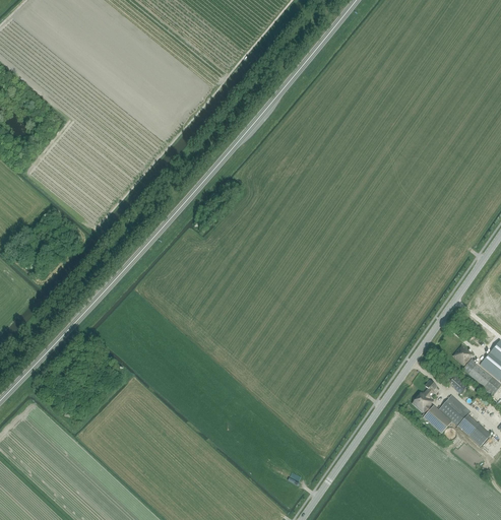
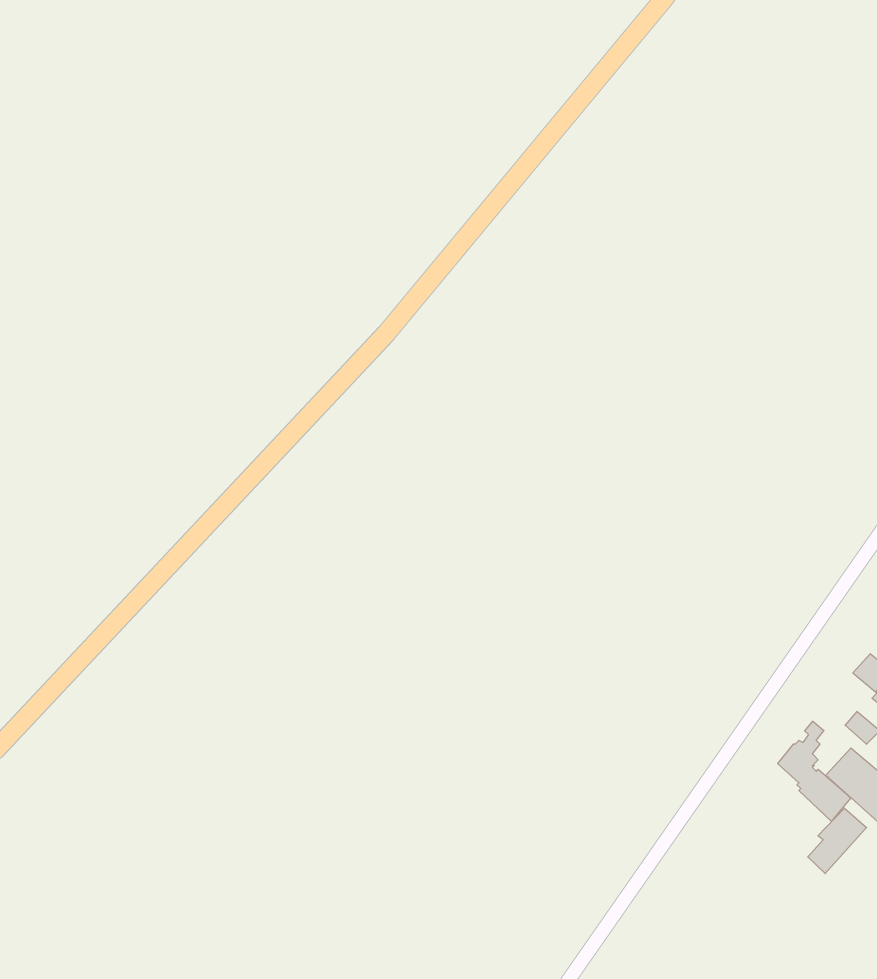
building: none -> [808,808,867,874]

